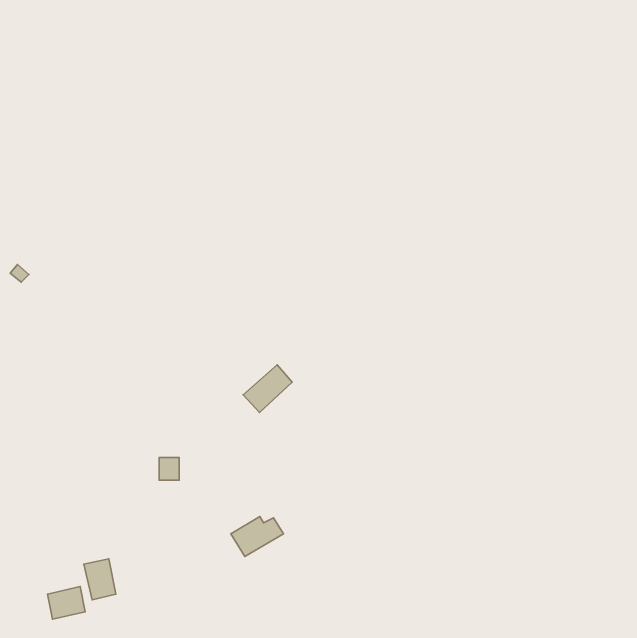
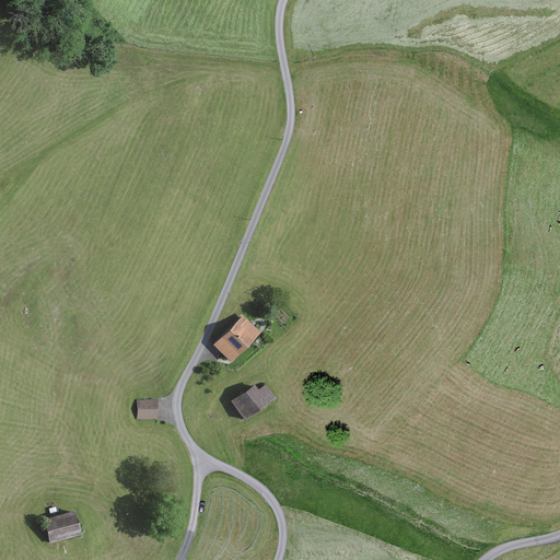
building: [231,516,284,557] -> [231,385,277,420]
building: [84,559,116,600] -> none

